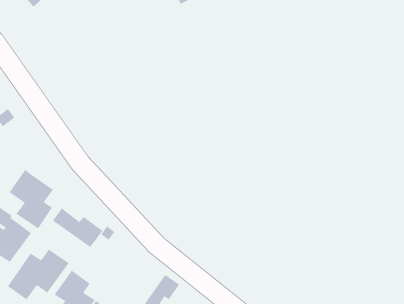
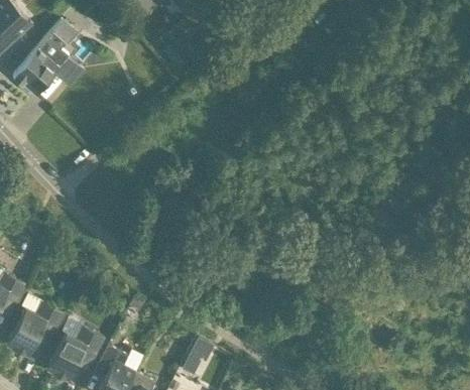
building: [9,169,54,229] -> none
building: [52,208,103,248] -> none

